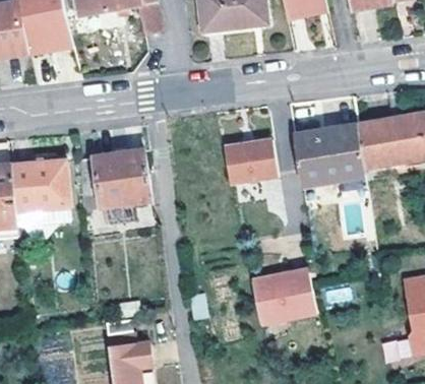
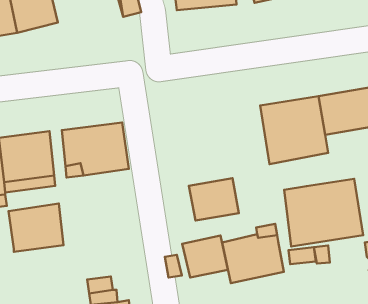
building: [224,136,278,182] -> [189,178,239,221]
building: none -> [284,179,363,247]
building: none -> [9,203,63,252]
building: none -> [182,236,228,278]

